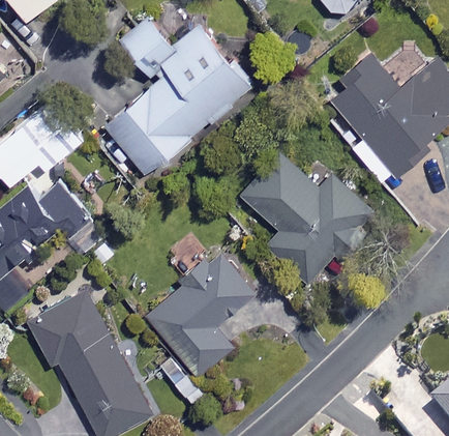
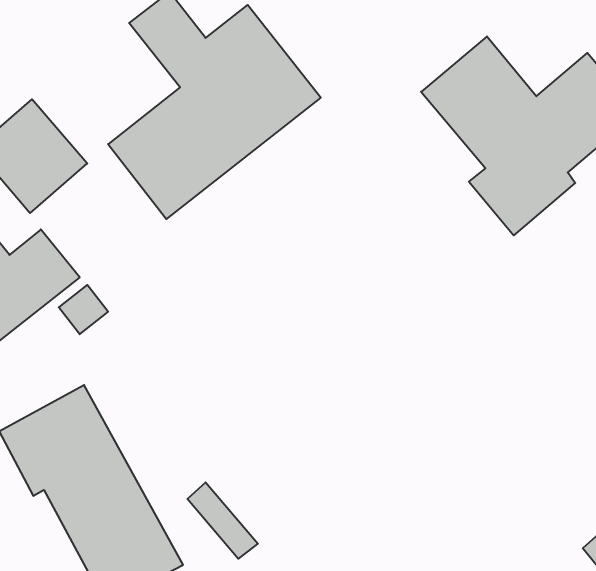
building: [241,153,372,283] -> none
building: [144,249,255,376] -> none

